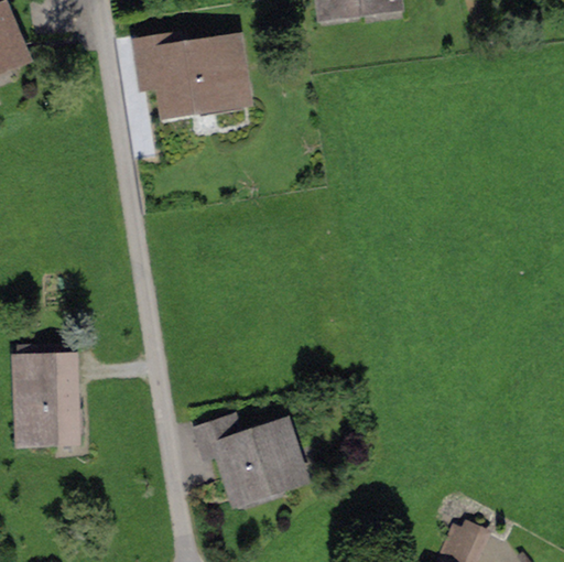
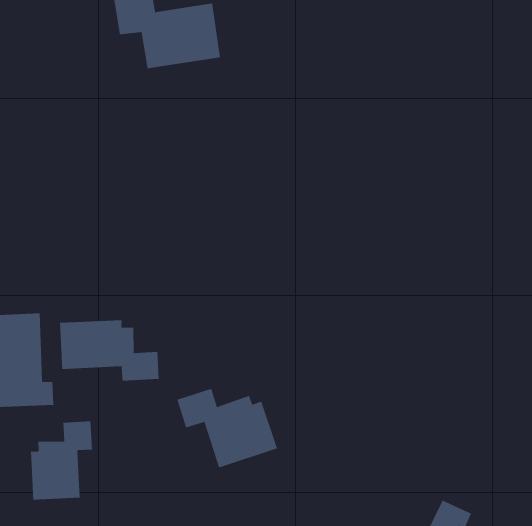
building: none -> [59,320,159,381]
building: none -> [31,421,93,500]

